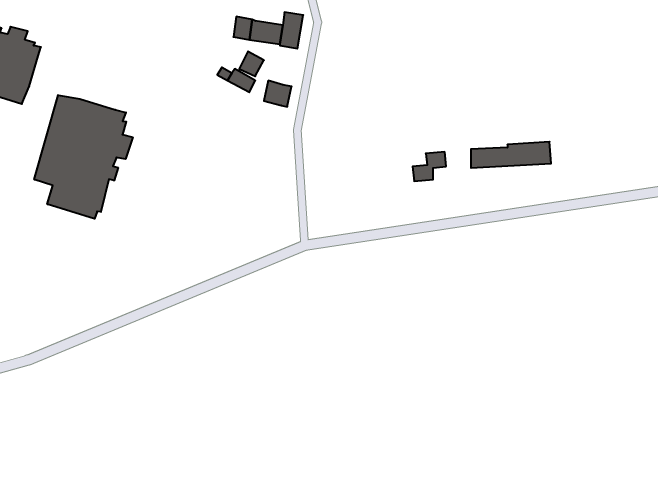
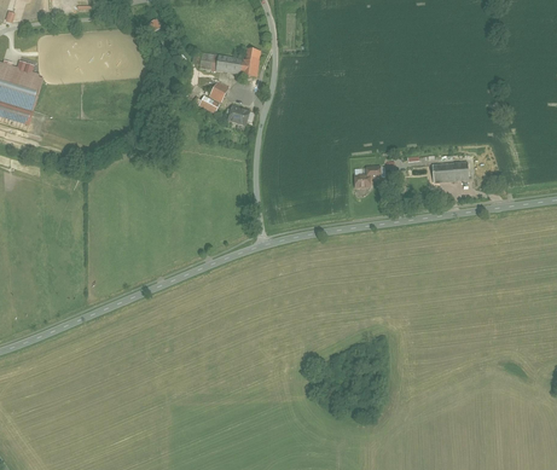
building: [34,95,133,219] -> none

